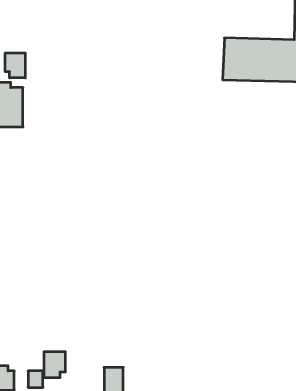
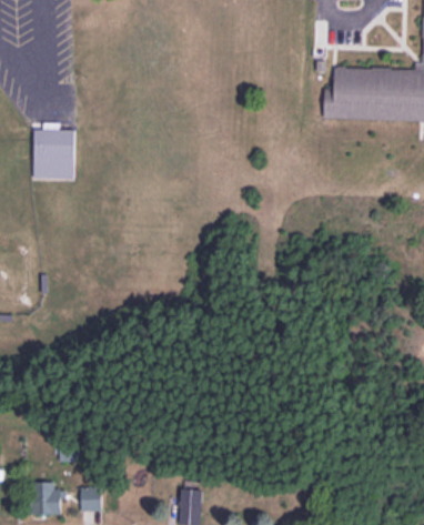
building: [5,53,25,78] -> none
building: [44,352,65,378] -> none

